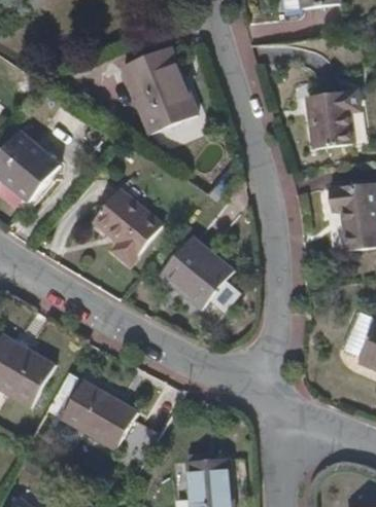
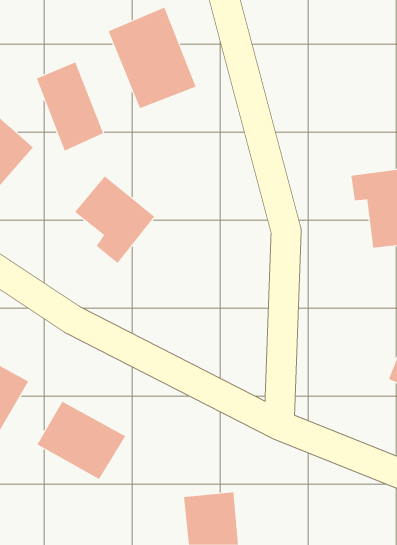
building: [306,90,361,148] -> none
building: none -> [36,62,104,151]
building: [160,237,232,307] -> none

